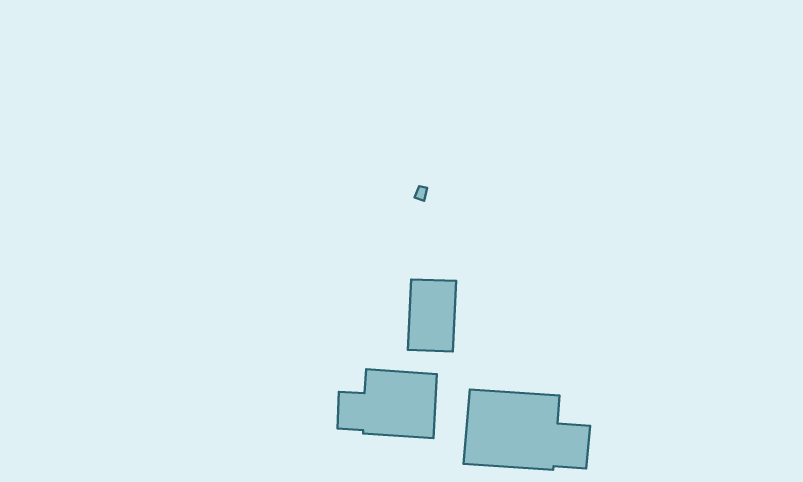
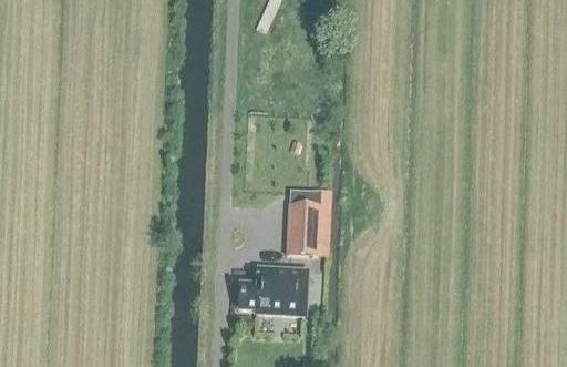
building: [463,389,590,470] -> none

